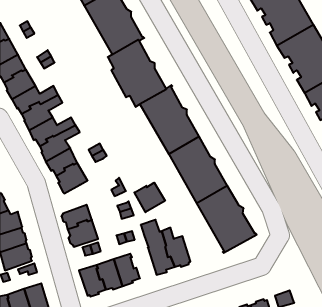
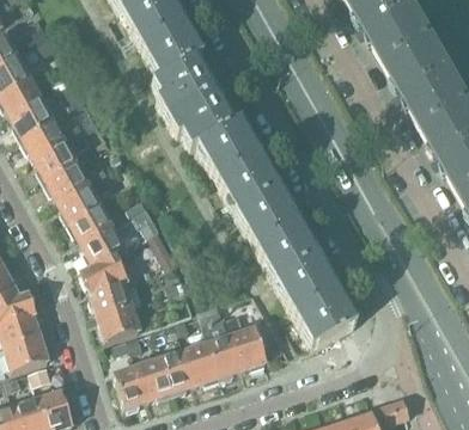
building: [134,183,165,212] -> none
building: none -> [80,254,129,294]
building: none -> [184,340,220,382]

